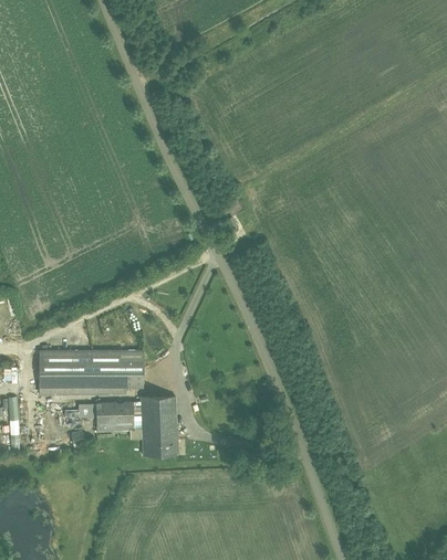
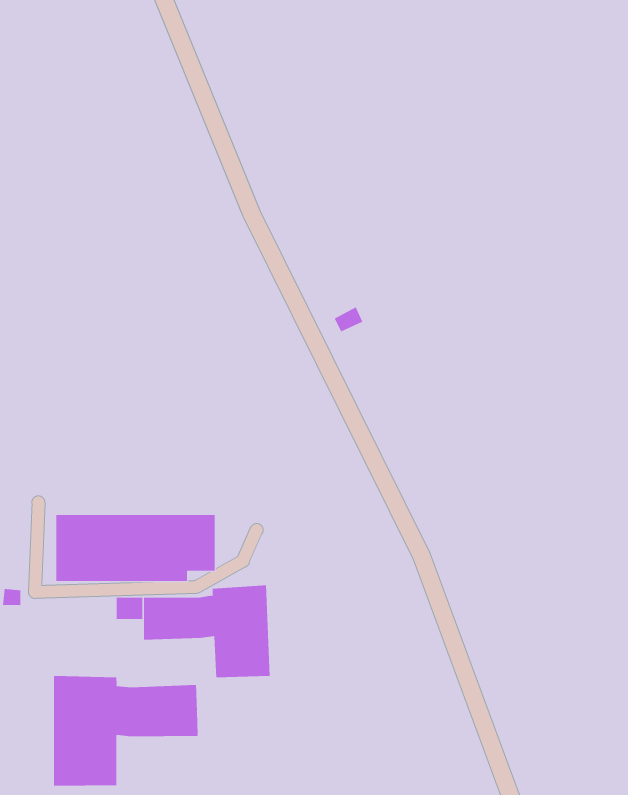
building: none -> [53,675,198,786]

